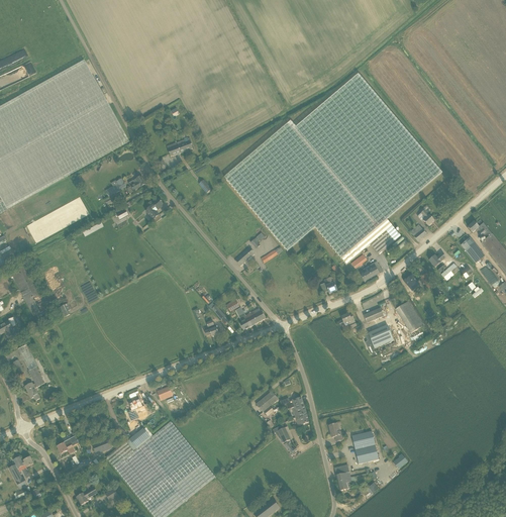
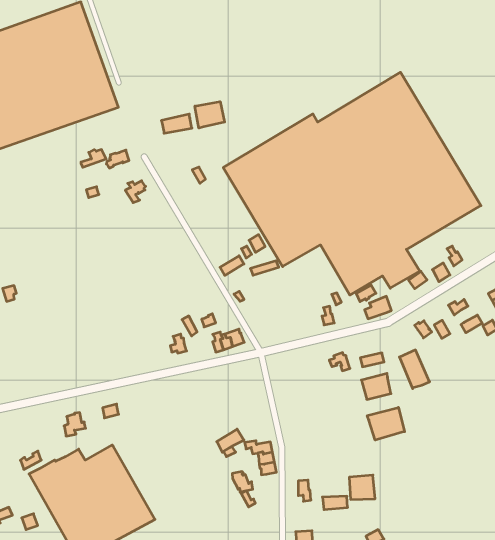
building: none -> [195,102,225,128]
building: none -> [367,407,405,440]
building: [353,439,378,462] -> [349,475,375,499]

